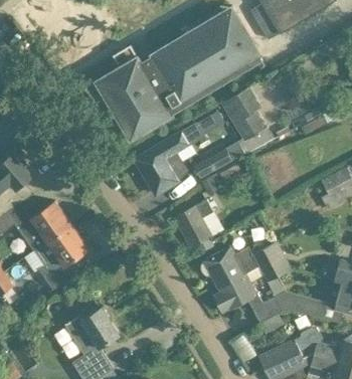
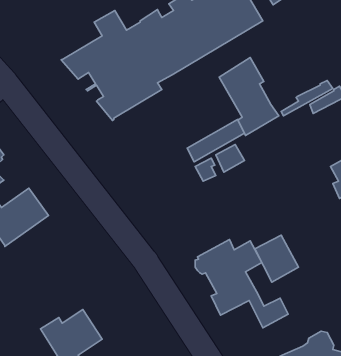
building: [136,112,225,195] -> none
building: [176,200,213,246] -> none
building: [35,225,89,275] -> none
building: [275,292,322,318] -> none

